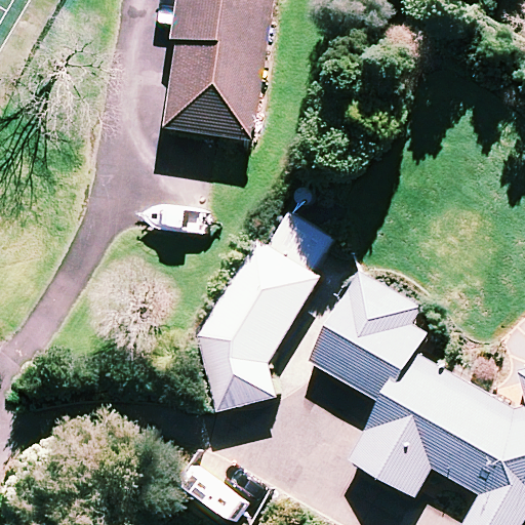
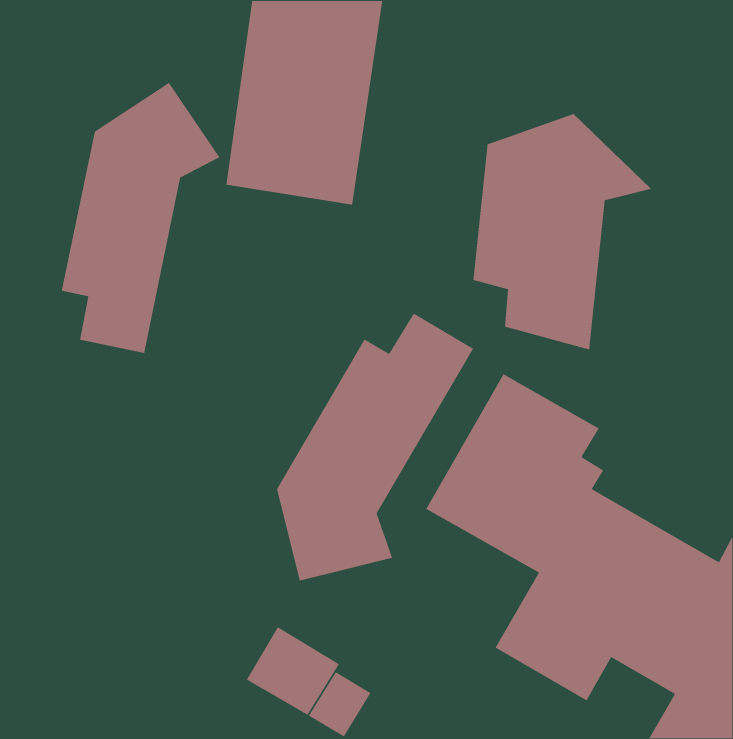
building: none -> [61,82,221,354]
building: none -> [472,113,652,351]

